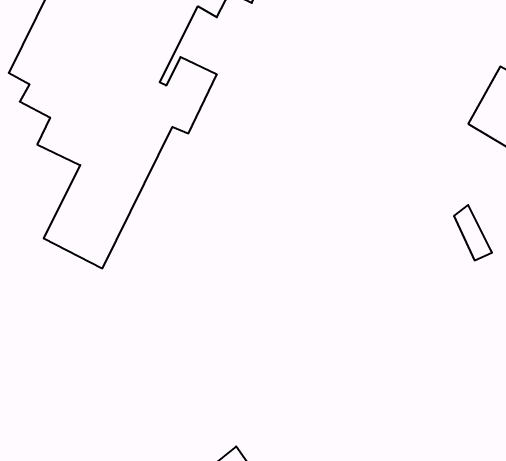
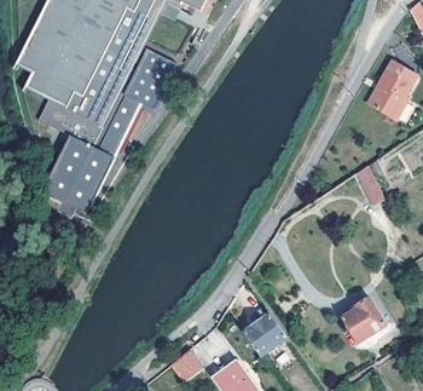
building: none -> [343,298,387,341]
building: none -> [244,312,286,355]

